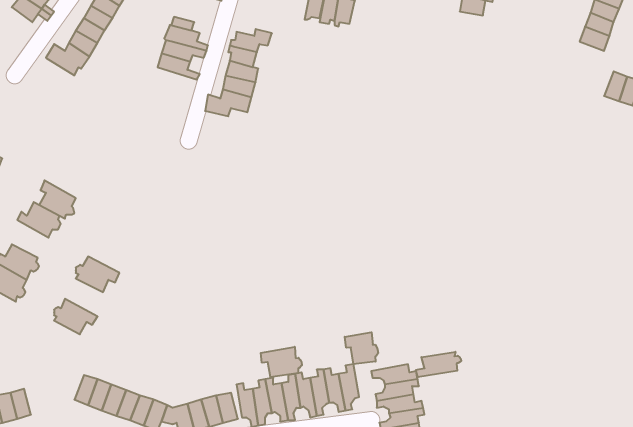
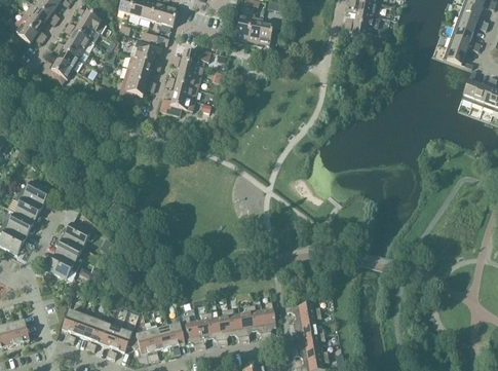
building: none -> [119,77,154,98]
building: [39,180,76,219] -> [14,192,42,221]
building: none -> [54,236,83,265]
building: [345,332,378,364] -> none
building: [261,347,302,377] -> none
building: [416,352,461,377] -> none

